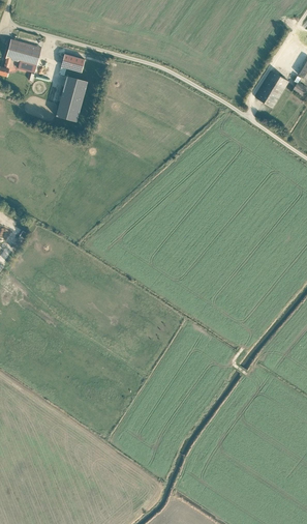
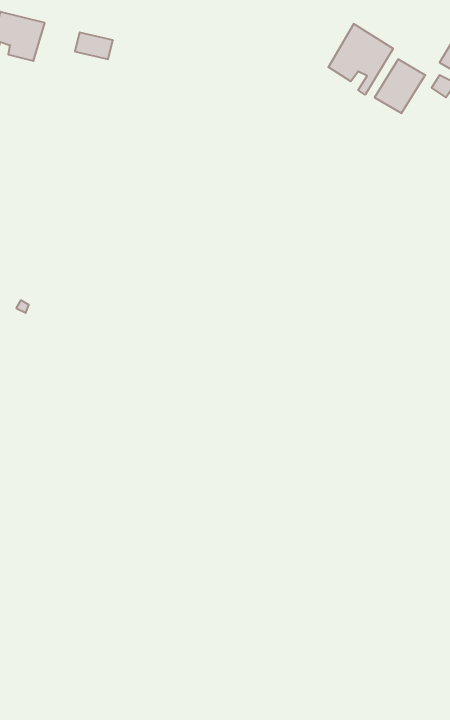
building: none -> [328,24,393,95]
building: [57,77,88,121] -> none

